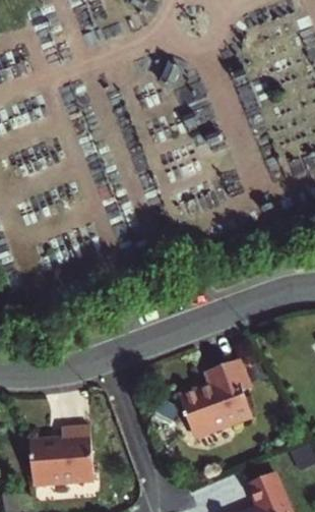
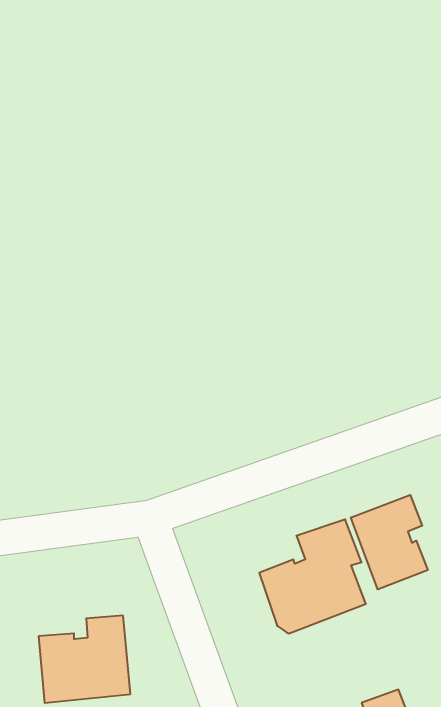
building: none -> [351,495,428,589]

